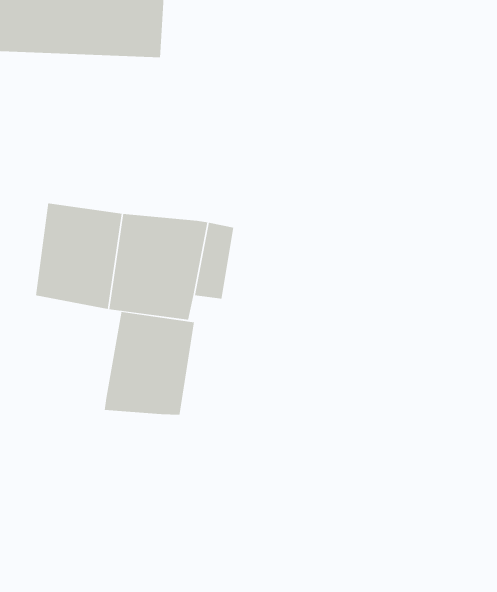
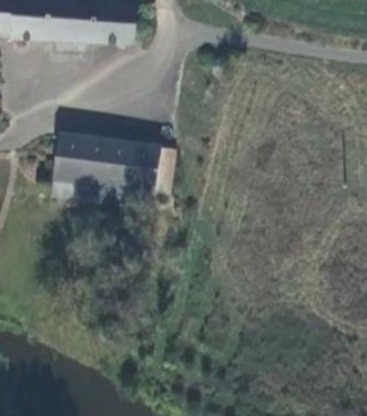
building: [104,311,194,416] -> none

